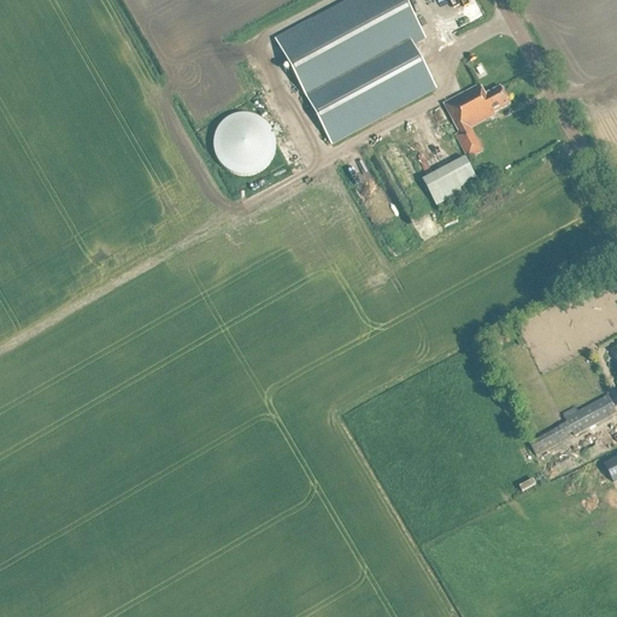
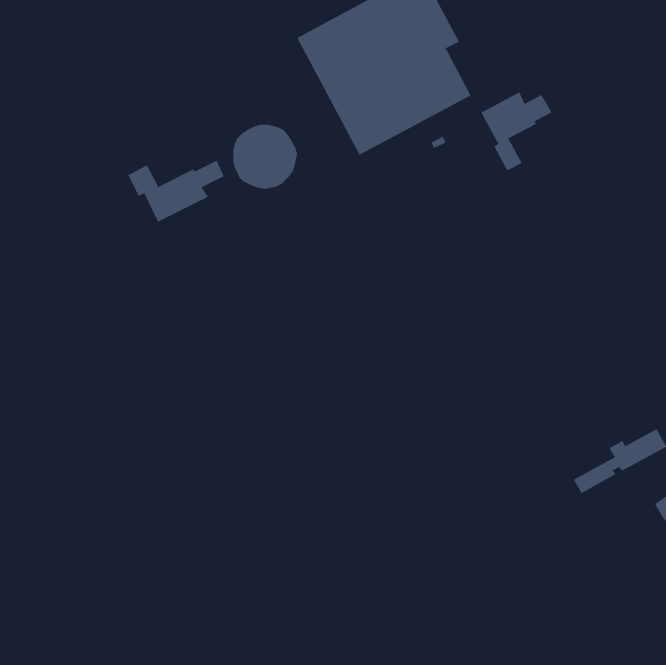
building: none -> [127,160,224,222]
building: [423,157,480,205] -> none

